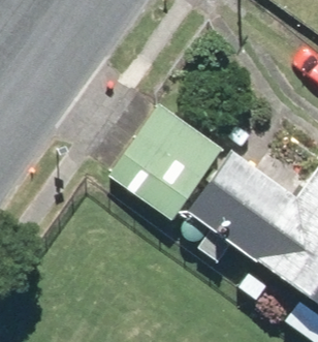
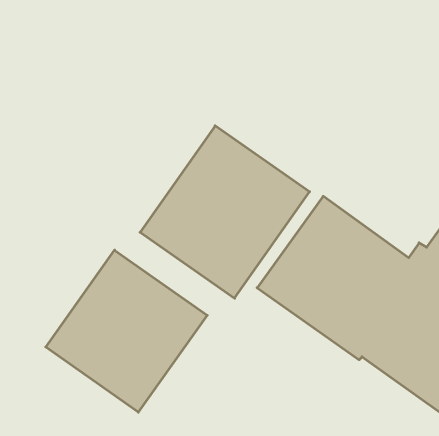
building: none -> [46,250,207,412]

